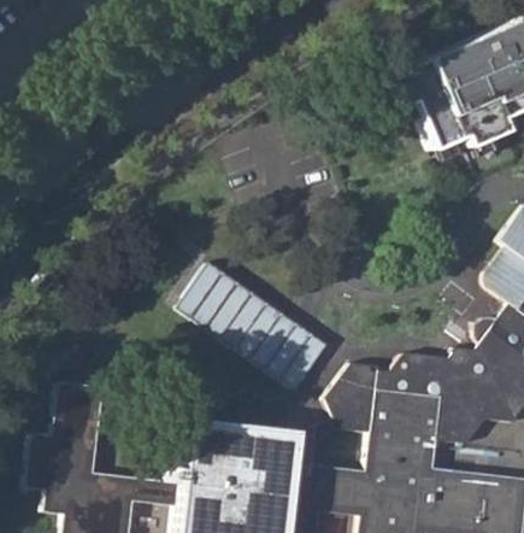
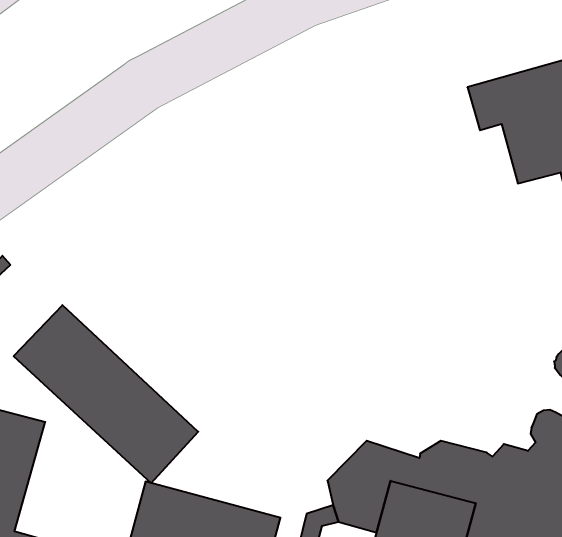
building: [177,264,326,389] -> [14,305,198,483]

